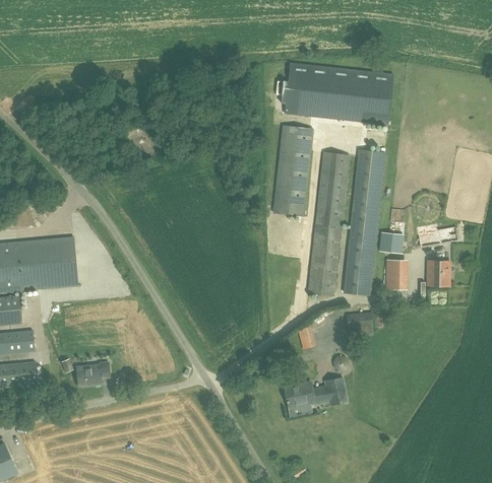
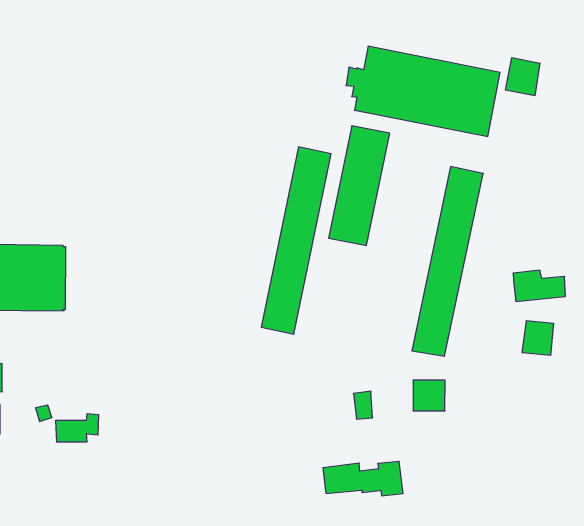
building: none -> [506,58,540,96]
building: [309,152,351,295] -> [261,147,331,334]
building: [378,232,404,253] -> none
building: [387,260,405,289] -> none

